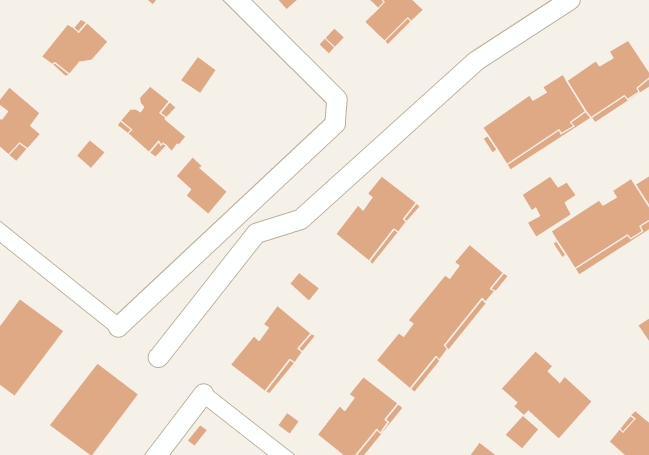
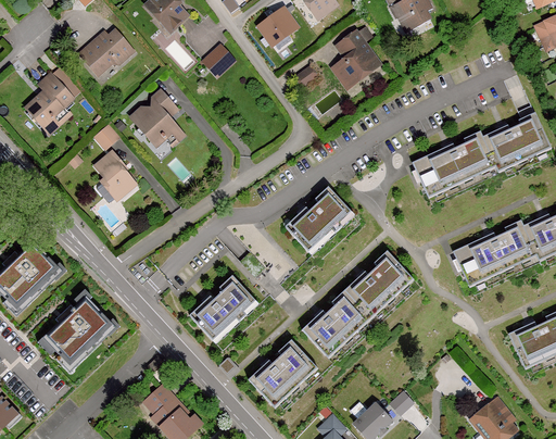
building: [180,56,217,94] -> [202,46,231,75]
building: [176,156,228,215] -> [96,152,134,199]
building: [522,176,576,238] -> none
building: [501,351,592,439] -> none

